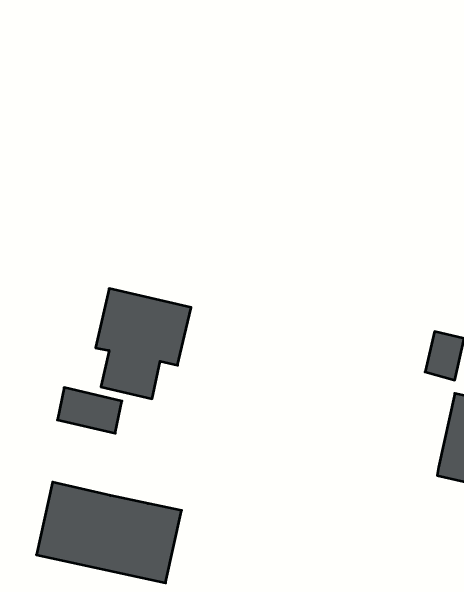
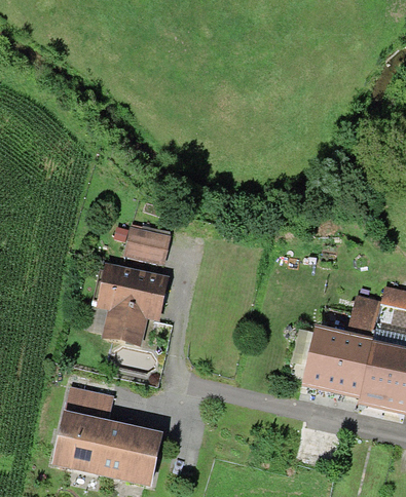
building: none -> [124,223,172,264]
building: none -> [302,327,373,398]
building: [57,388,122,433] -> [65,385,114,420]

